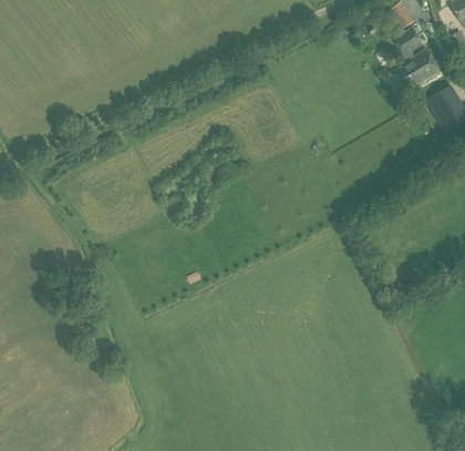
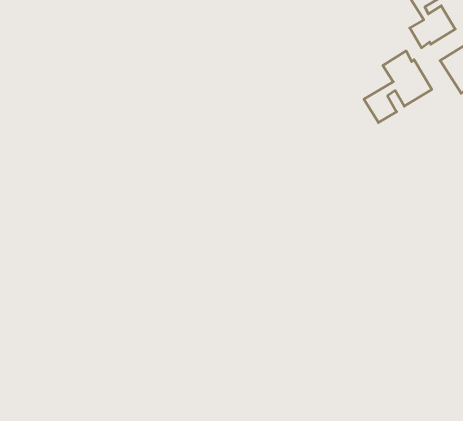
building: none -> [364,51,432,123]

